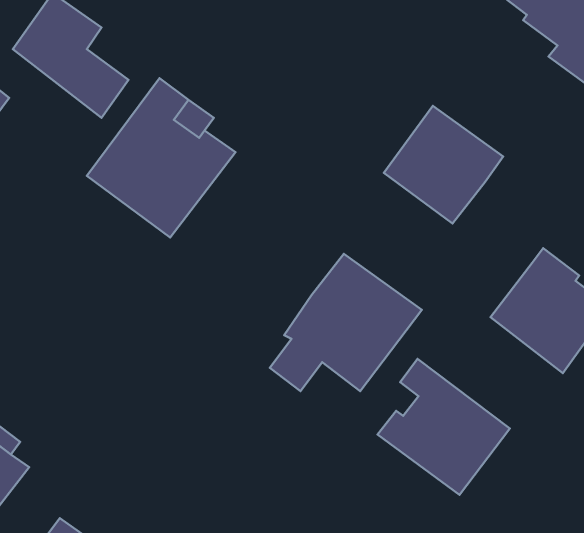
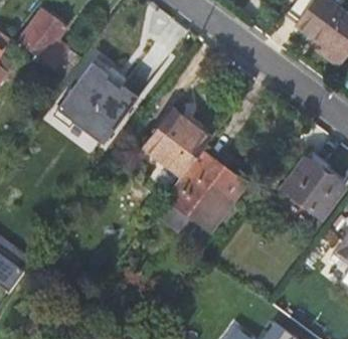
building: [384,106,503,224] -> [144,111,210,176]
building: [377,359,510,495] -> none

